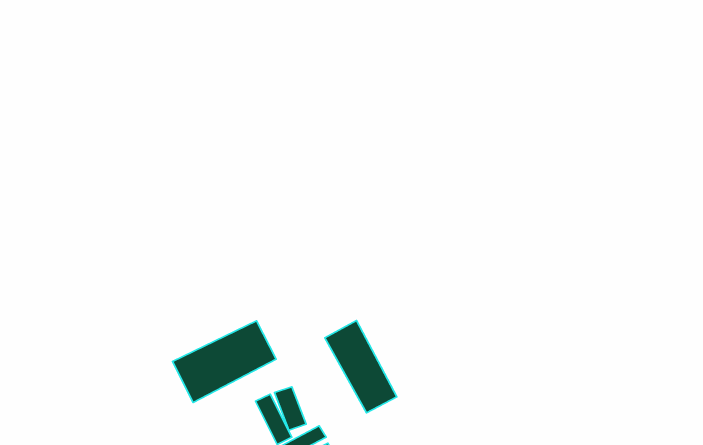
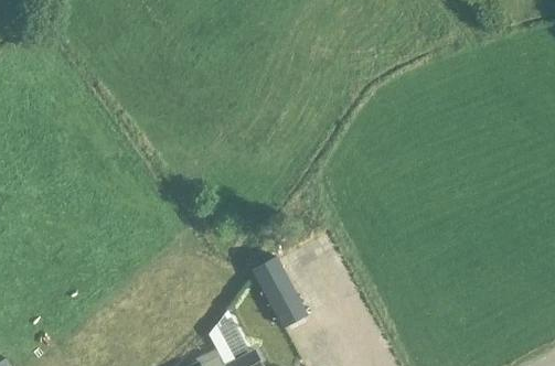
building: [173,321,276,402] -> none

